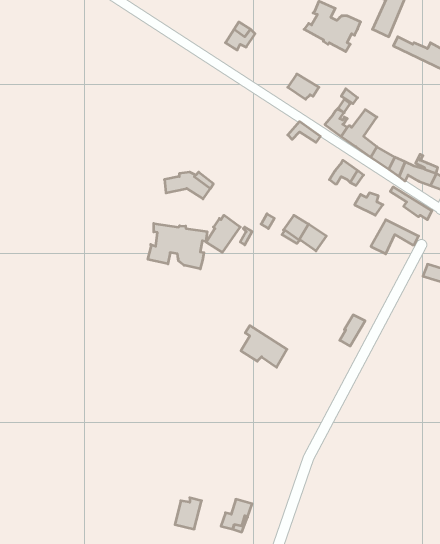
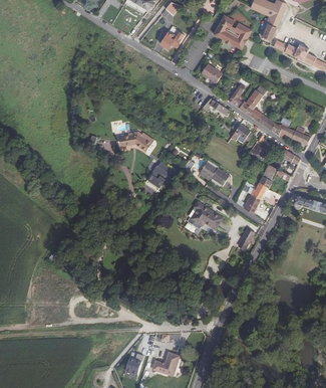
building: [148,223,207,269] -> none
building: none -> [243,182,280,214]
building: [241,326,287,367] -> [191,201,222,229]

